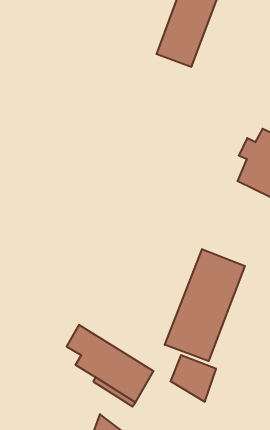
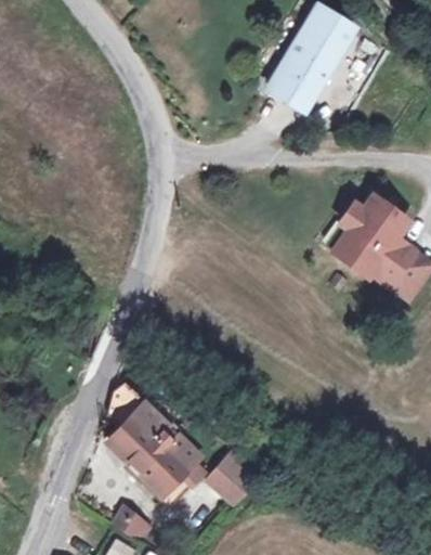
building: [165,249,245,361] -> none

